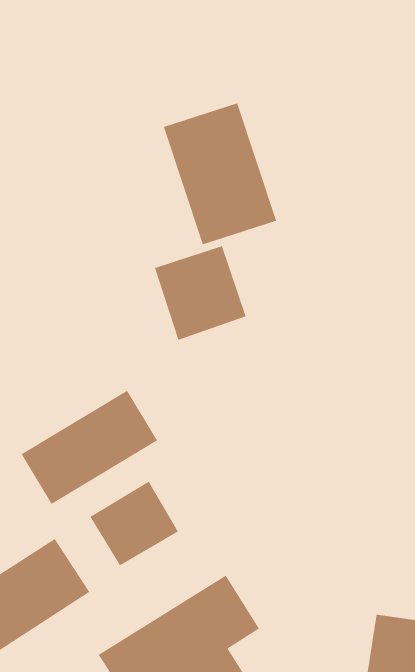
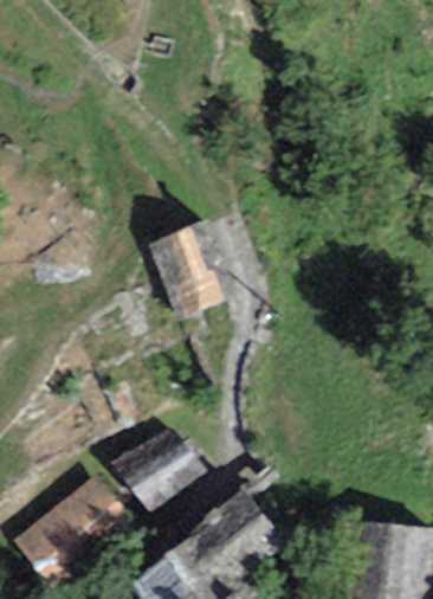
building: [163,102,277,245] -> none
building: [21,390,158,505] -> none

